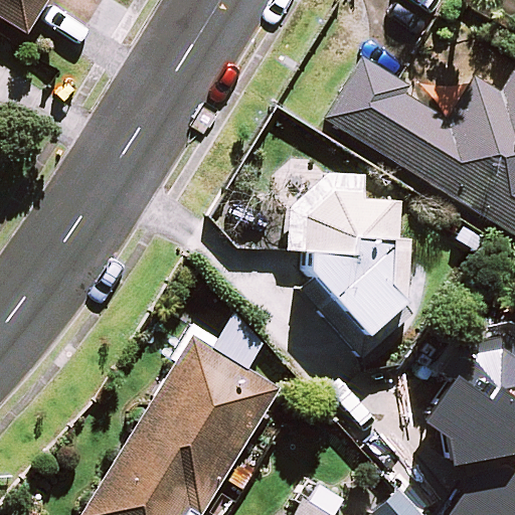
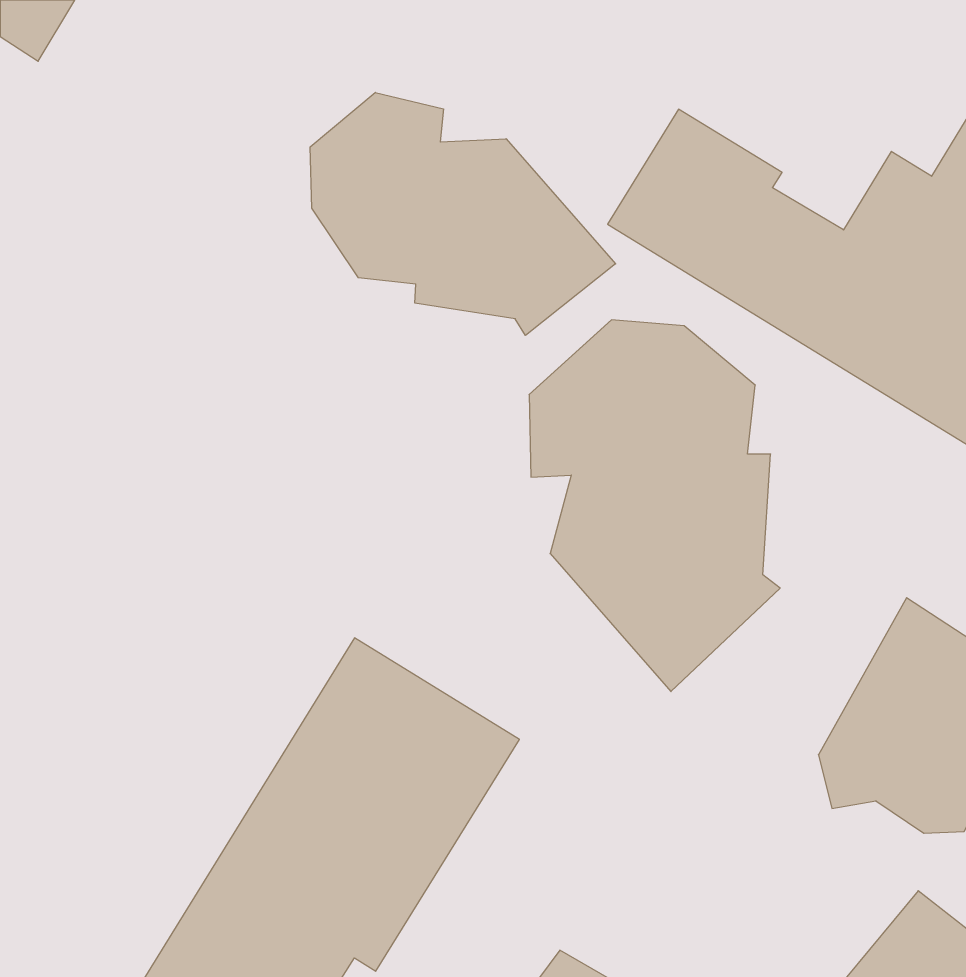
building: none -> [310,92,616,335]

